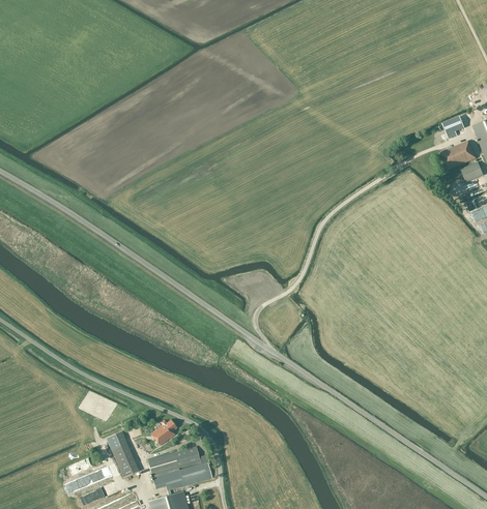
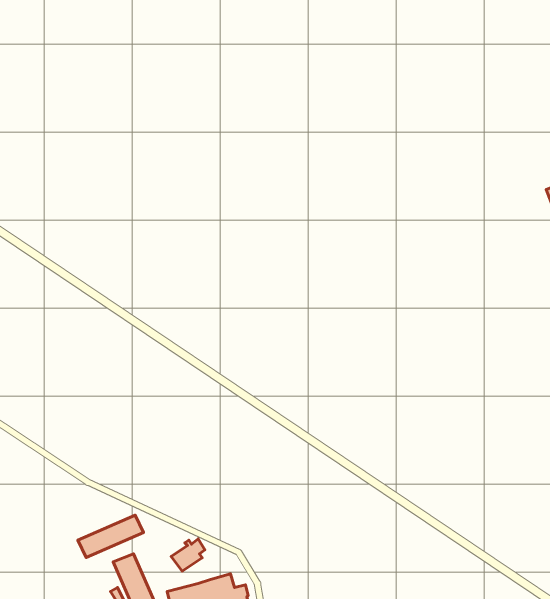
building: none -> [78,515,144,557]

